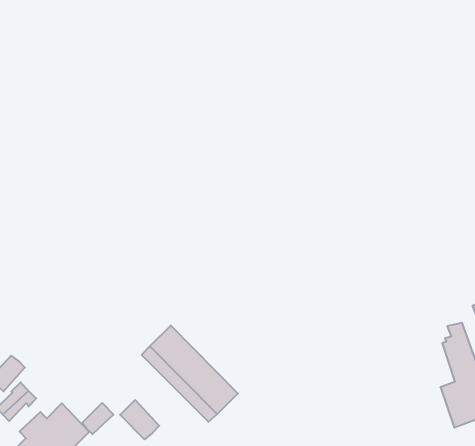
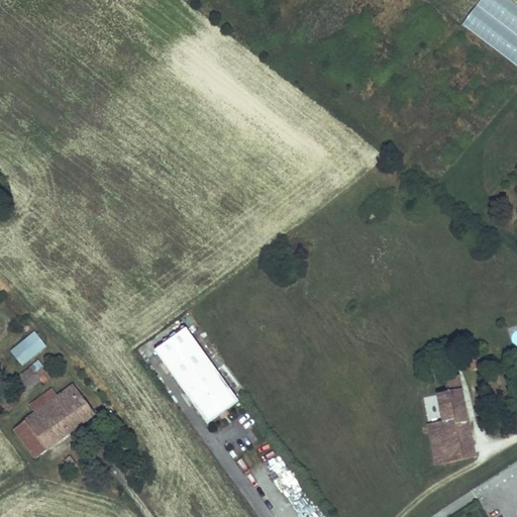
building: [120,400,159,439] -> none
building: [82,403,113,434] -> none

